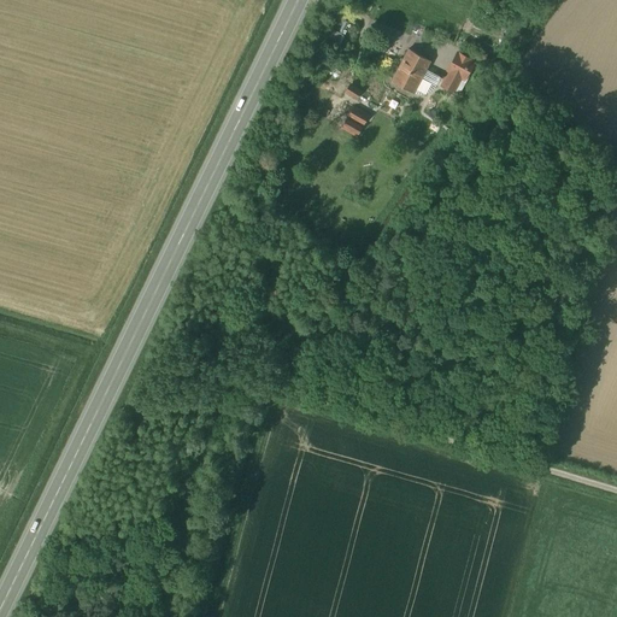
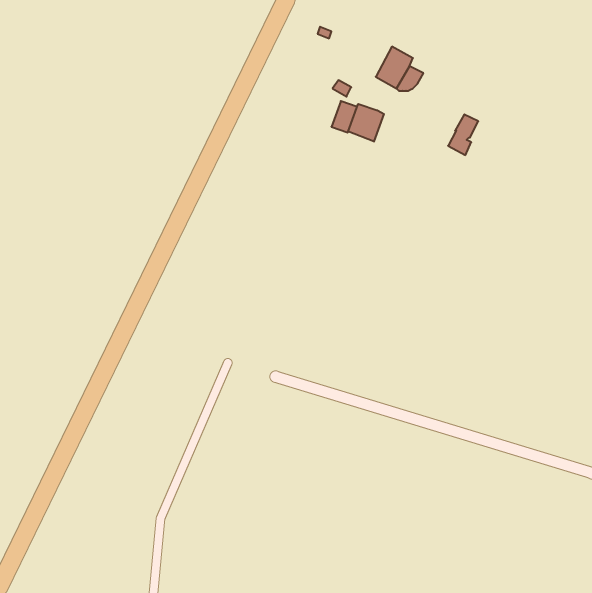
building: [439,52,470,94] -> [448,114,478,155]
building: none -> [348,104,384,142]

